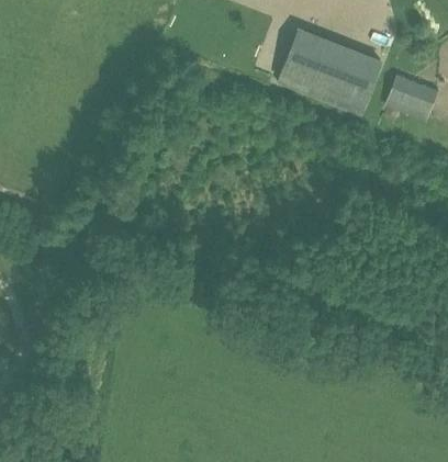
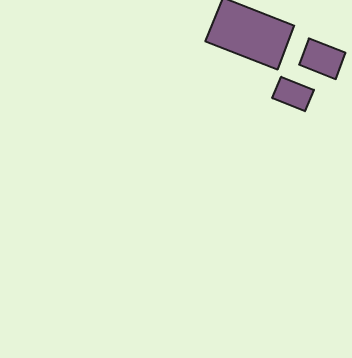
building: none -> [272,77,314,111]

